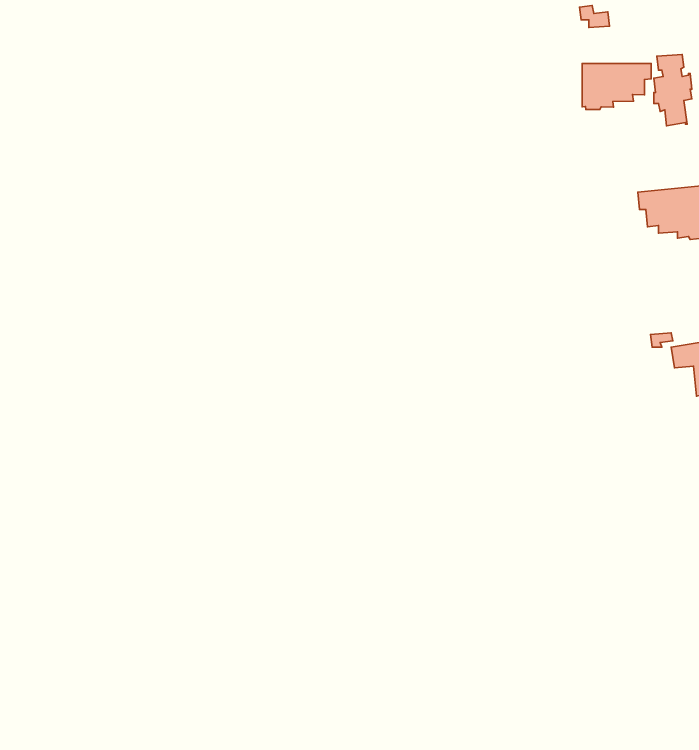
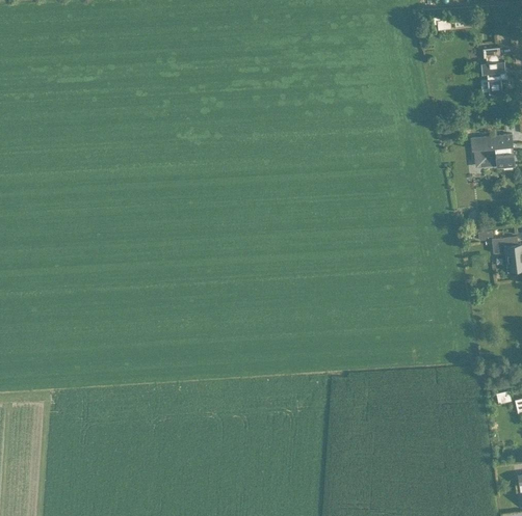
building: [582,63,651,110] -> none

